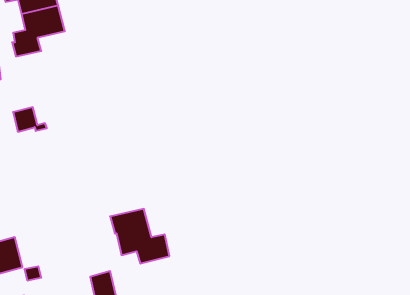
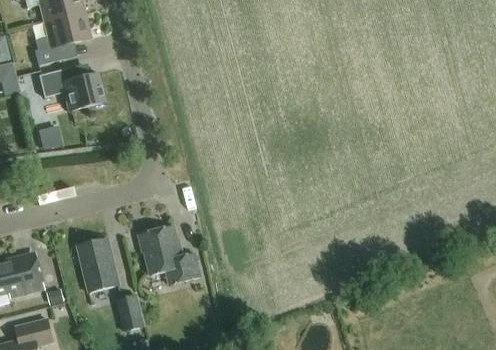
building: none -> [37,67,104,110]
building: none -> [76,238,119,292]

